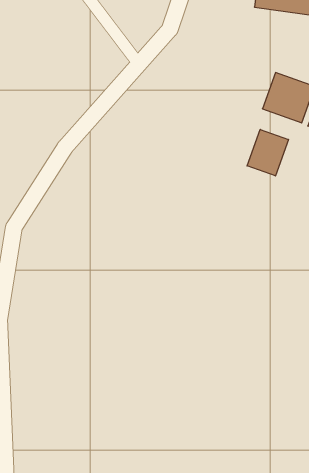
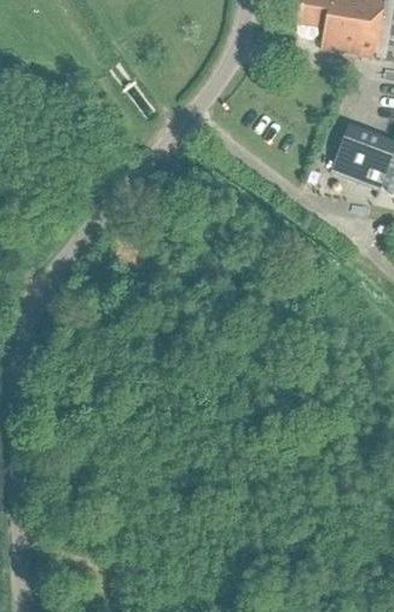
building: [247,129,288,176] -> none

